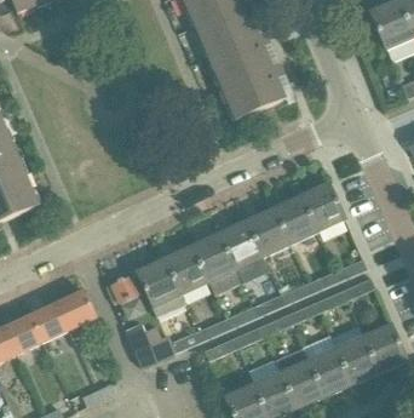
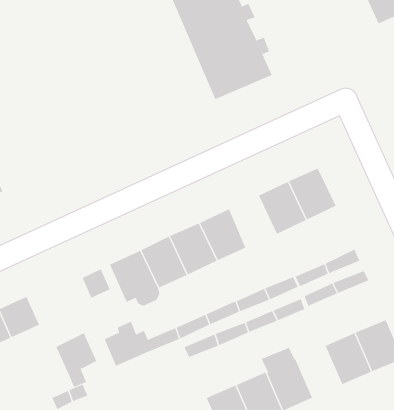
building: [247,208,291,257] -> none
building: [59,288,98,339] -> [55,332,97,387]
building: [309,348,351,396] -> none

